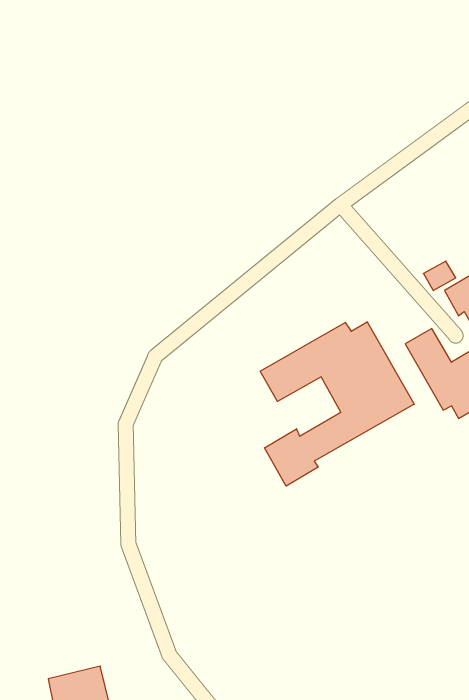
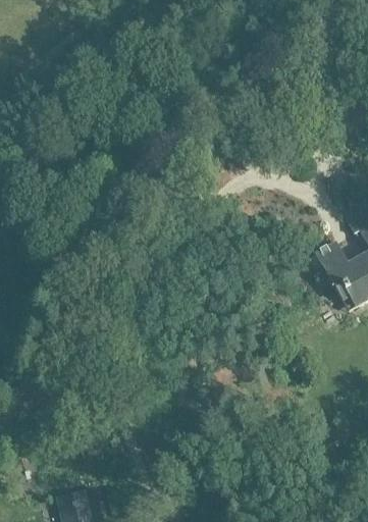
building: [260,322,414,486] -> none

